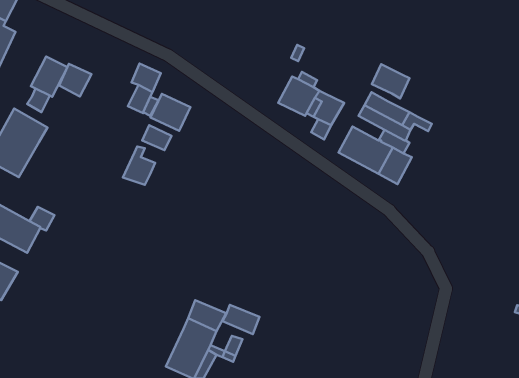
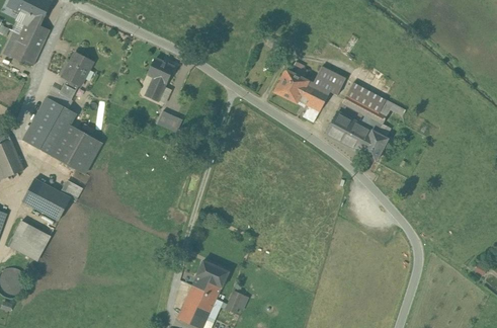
building: [59,64,92,97] -> none
building: [372,64,410,98] -> [313,66,345,95]
building: [150,94,191,131] -> none
building: none -> [52,125,101,173]
building: [123,146,155,185] -> none
building: [222,305,260,334] -> none

